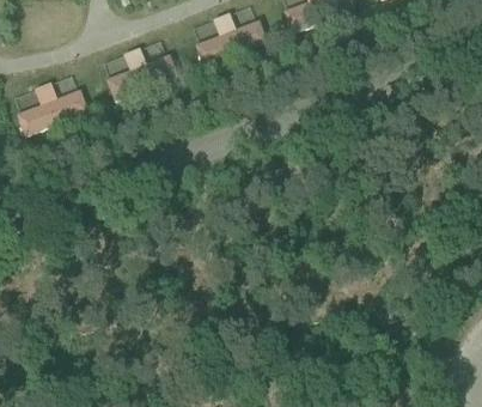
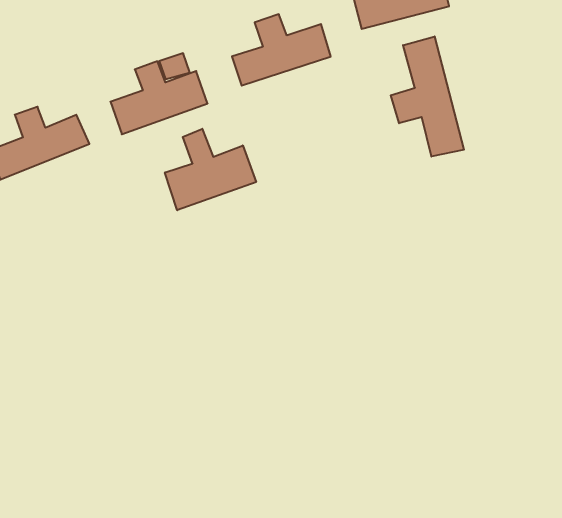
building: none -> [391,36,464,157]
building: none -> [165,129,256,210]

